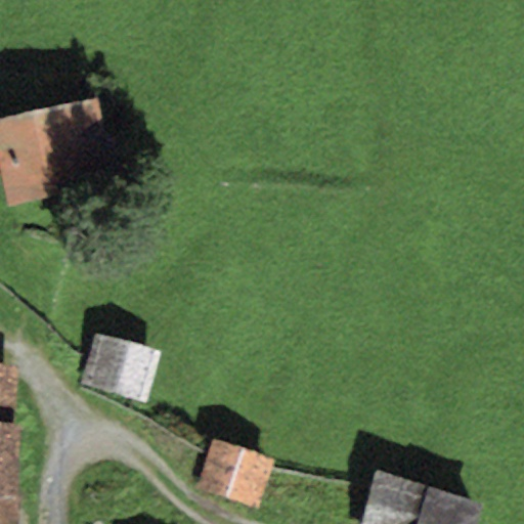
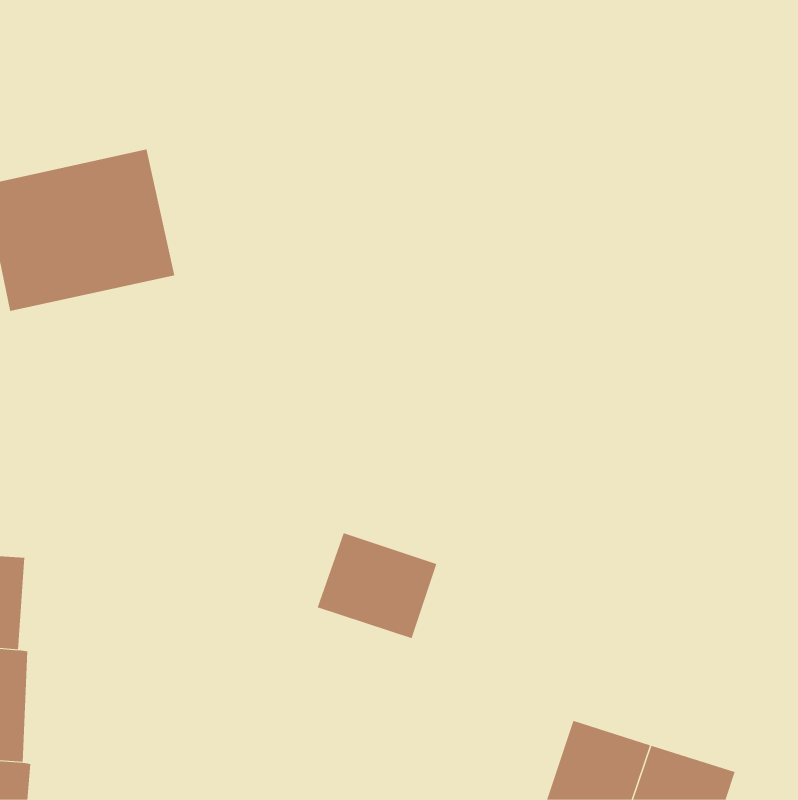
building: [78,332,160,403] -> none
building: [194,439,273,509] -> [317,532,437,639]

